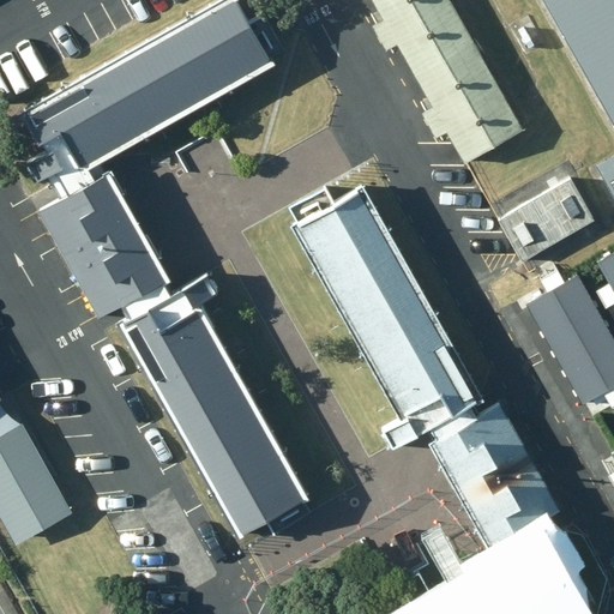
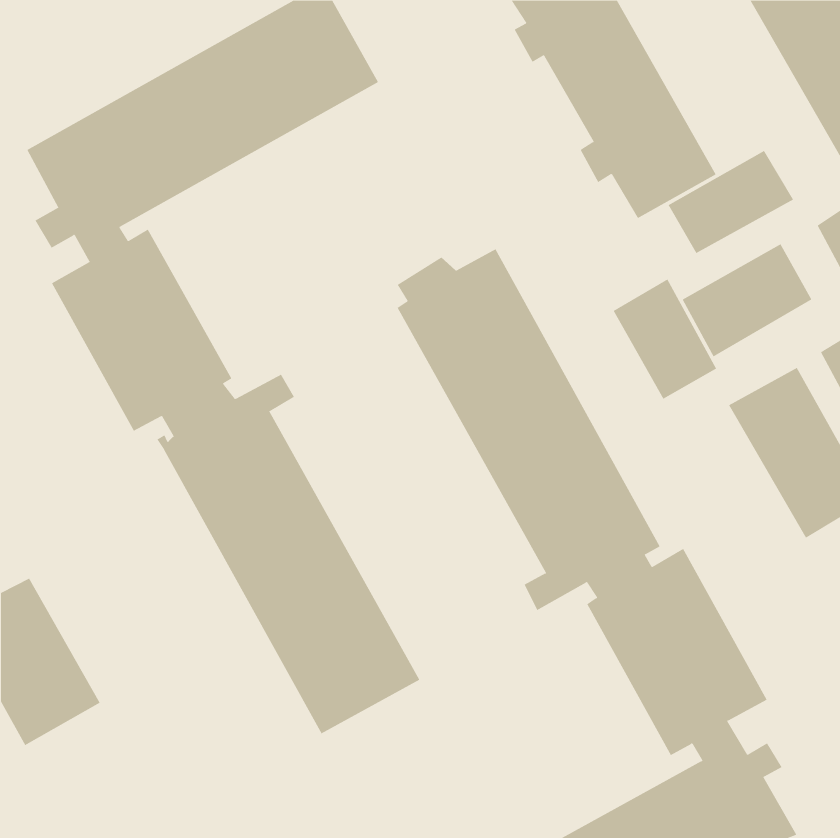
building: none -> [668,150,794,254]
building: none -> [613,278,717,400]

